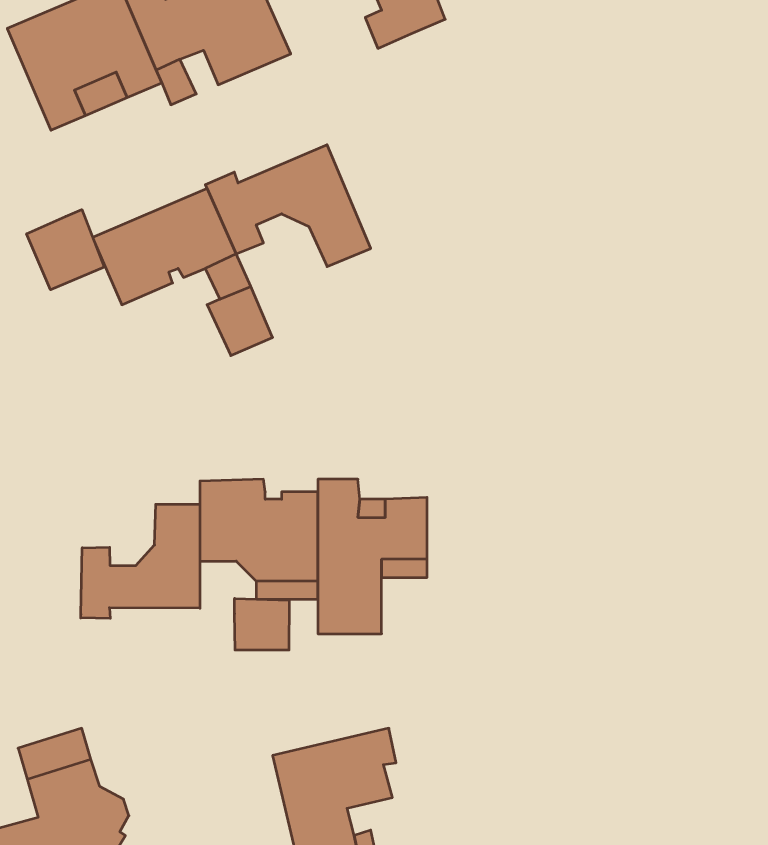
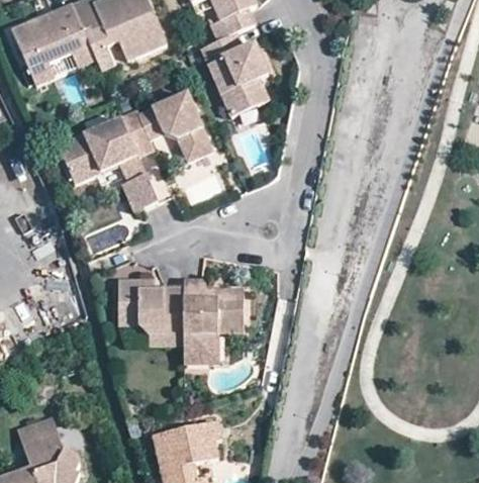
building: none -> [201,31,267,115]
building: [27,210,104,290] -> none
building: [81,504,200,618] -> none
building: [235,598,289,650] -> none

